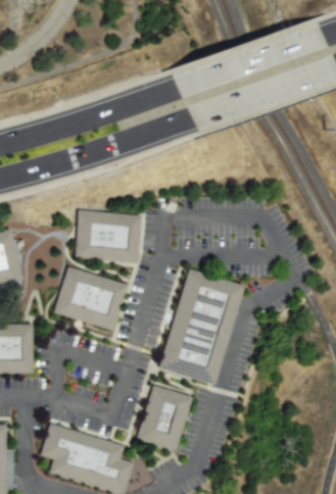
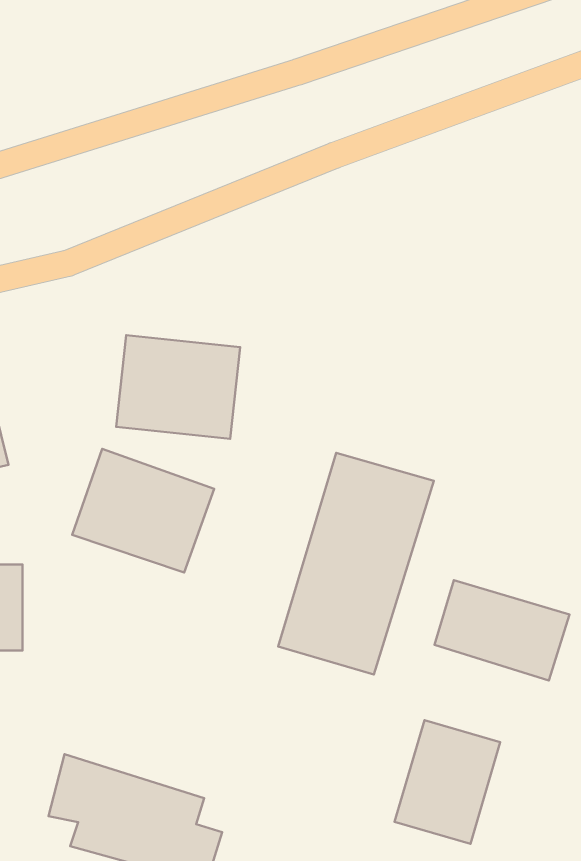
building: none -> [434,580,569,680]
building: [137,388,191,451] -> [394,720,500,844]

